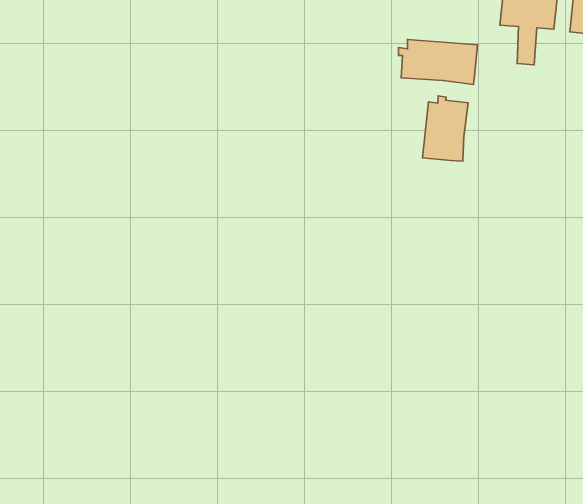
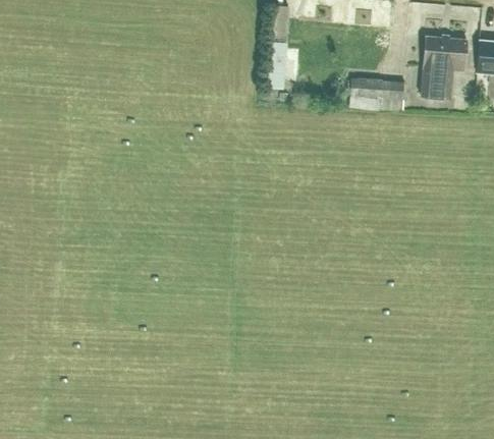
building: [422,96,468,161] -> none

